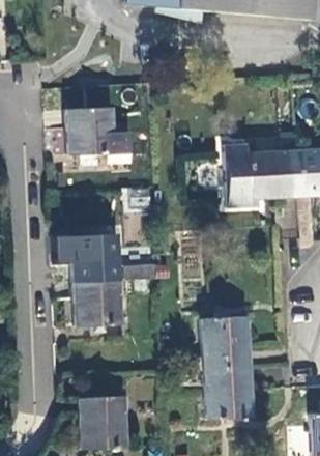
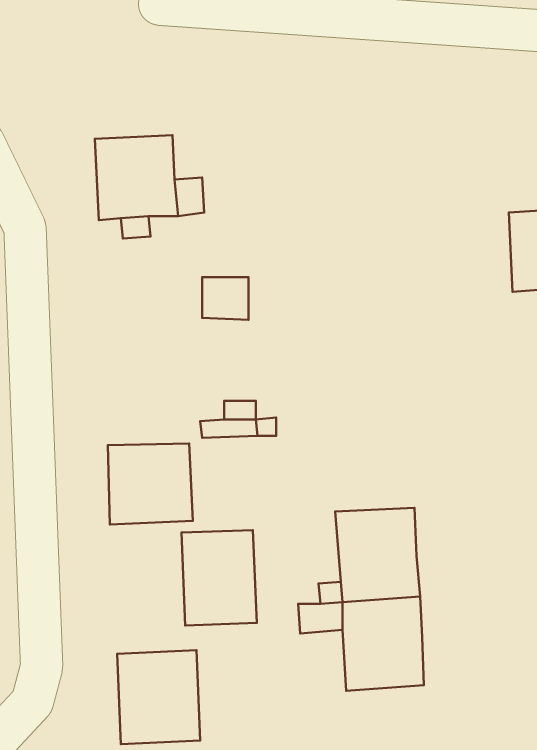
building: [225,142,300,205] -> none
building: [70,234,119,280] -> none
building: none -> [181,530,257,625]

